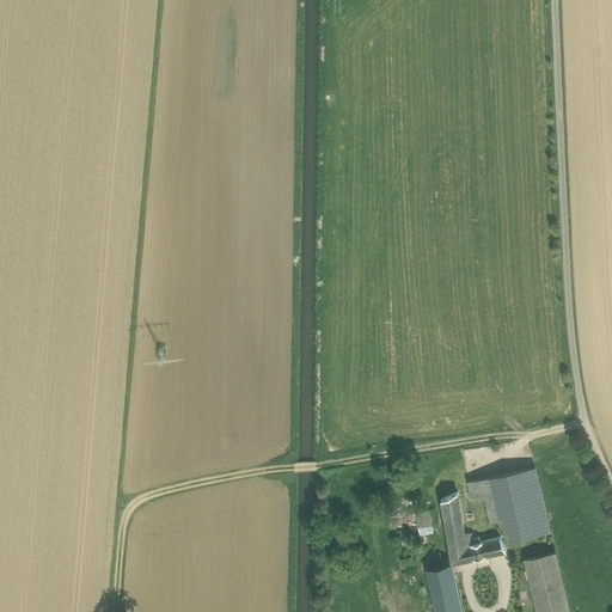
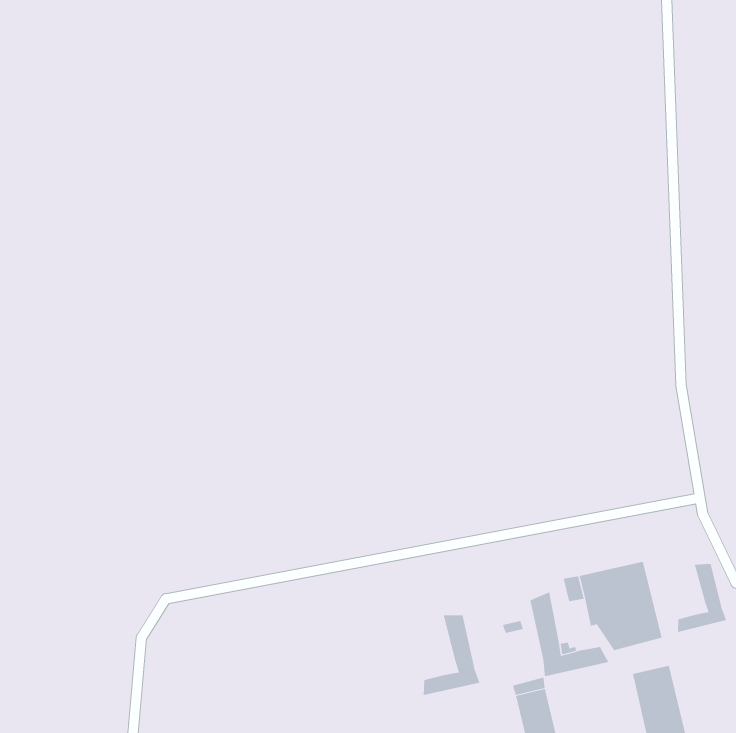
building: none -> [677,563,727,633]
building: none -> [423,614,480,696]

